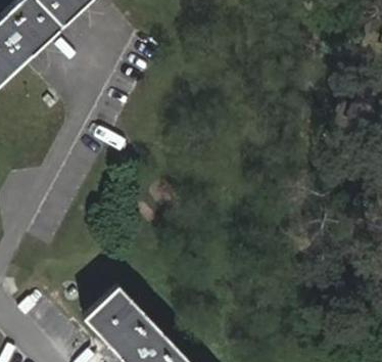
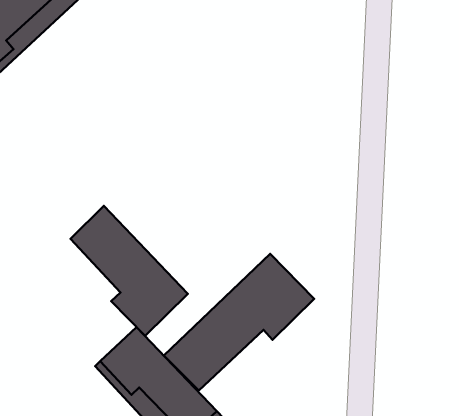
building: none -> [71,206,188,336]
building: none -> [164,254,314,391]

